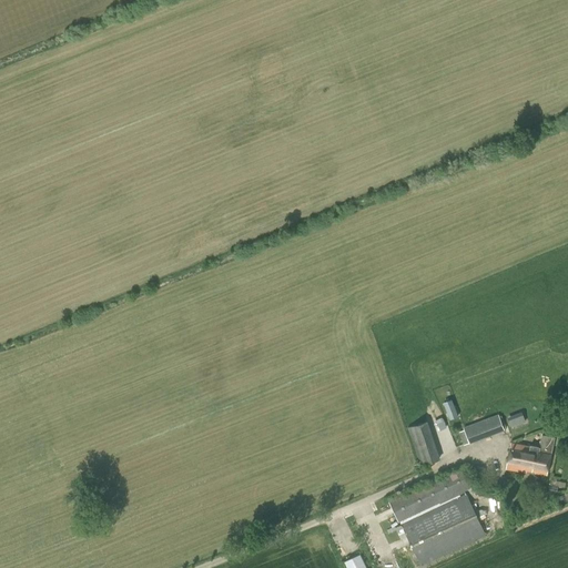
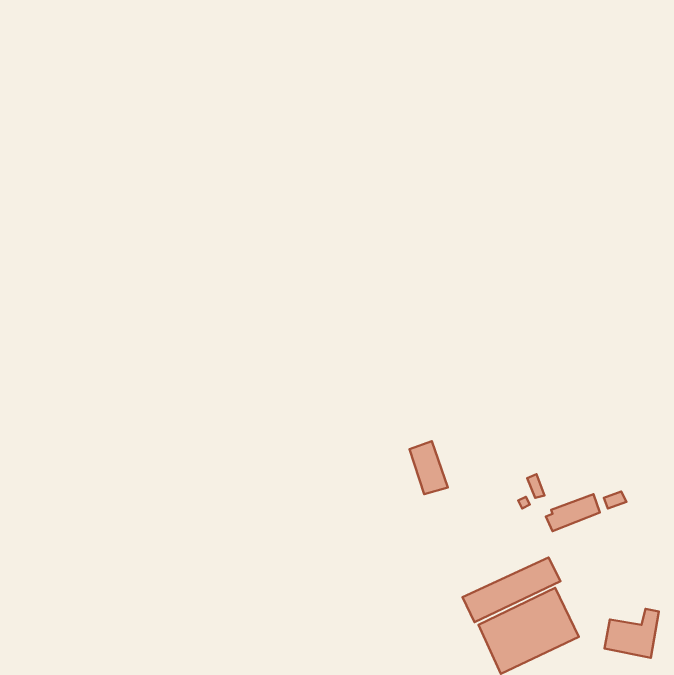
building: [409,420,442,465] -> [409,441,448,494]
building: [508,435,554,476] -> [605,609,659,658]

